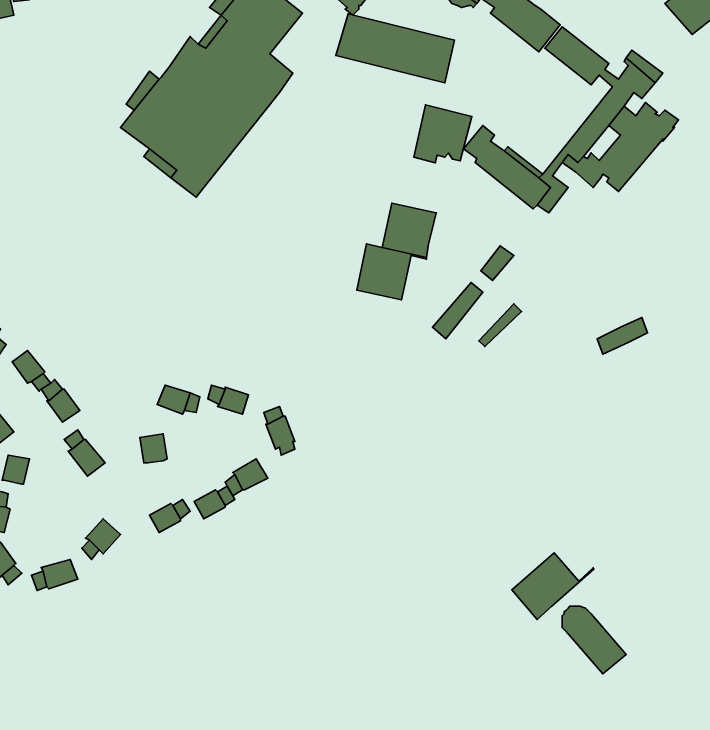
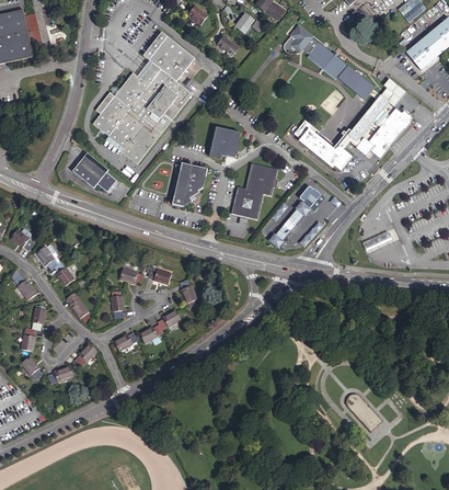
building: [336,14,454,83] -> none
building: [414,105,472,163] -> [208,125,241,158]
building: none -> [73,151,115,189]
building: none -> [172,163,206,206]
building: [512,553,594,619] -> none

